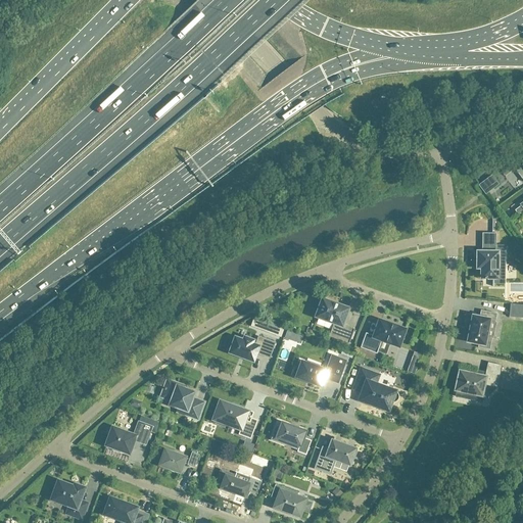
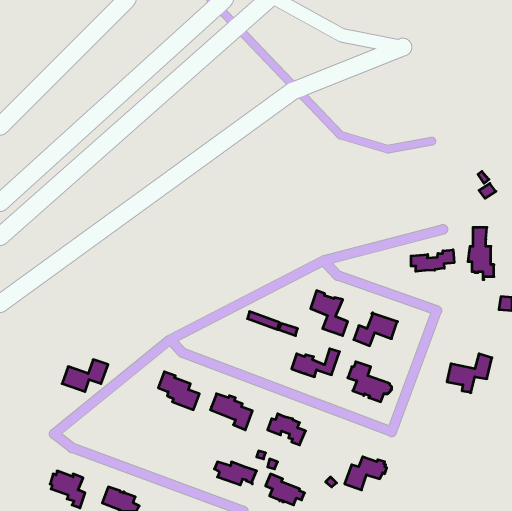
building: none -> [411,250,454,271]
building: [468,310,496,348] -> none
building: [228,336,275,360] -> none
building: [106,420,153,453] -> [62,360,108,392]
building: [314,440,356,474] -> [345,457,387,490]
building: [160,447,199,471] -> none

